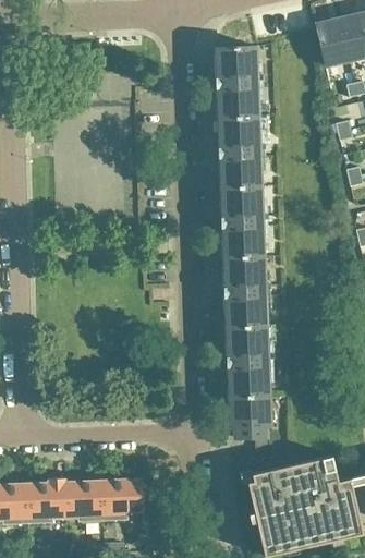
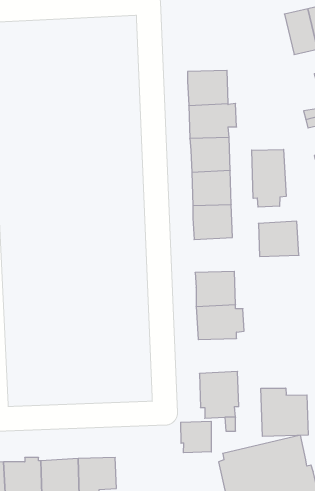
building: [215,46,256,83] -> none
building: none -> [252,149,286,207]
building: [222,253,264,289] -> [258,221,299,256]
building: [227,356,267,392] -> none
building: none -> [261,388,308,436]
building: none -> [181,421,211,453]

